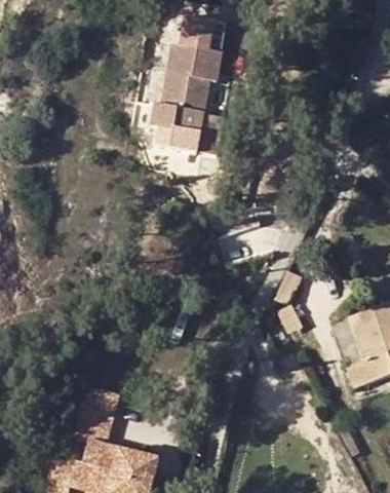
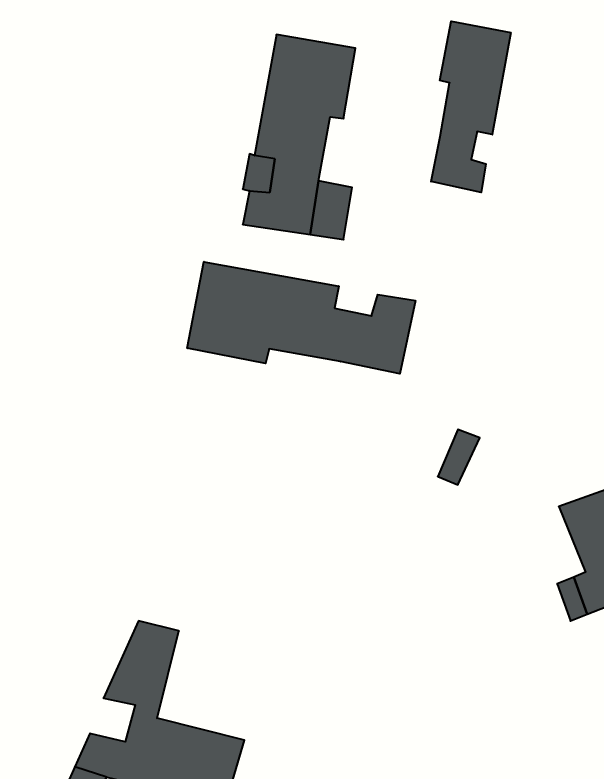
building: none -> [431,21,511,192]
building: none -> [187,262,415,374]

